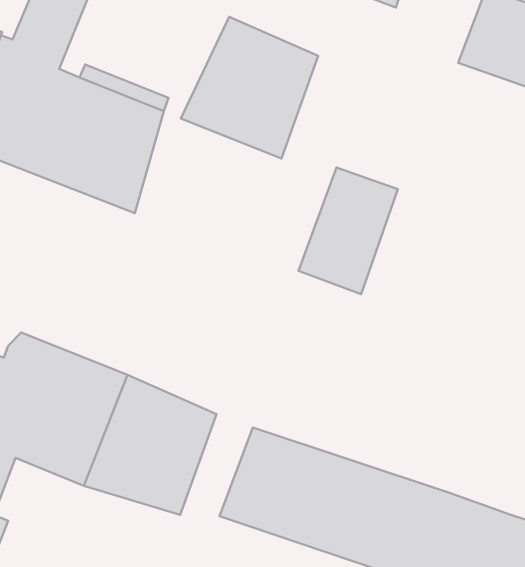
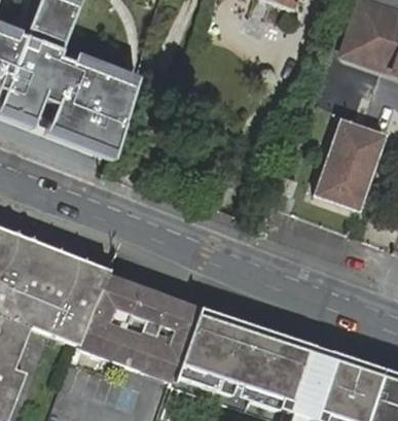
building: [181,17,318,158] -> none
building: [299,167,398,294] -> [315,119,385,209]
building: none -> [146,300,197,380]

